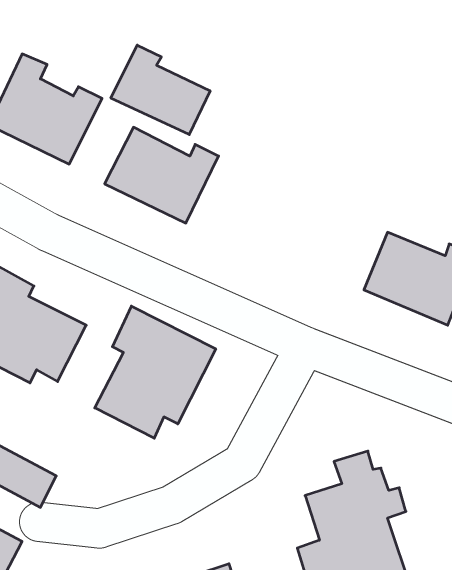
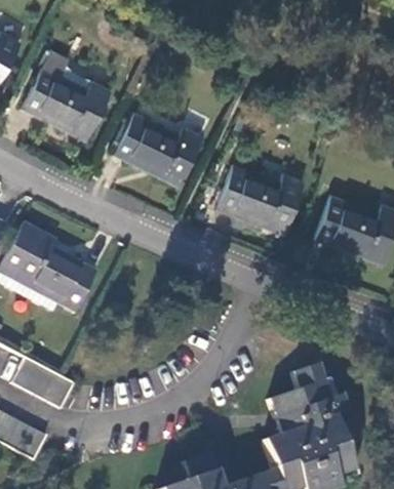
building: [111,45,210,135] -> none
building: none -> [216,163,304,234]
building: [95,306,216,438] -> none

